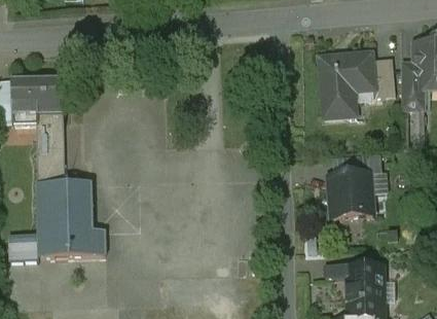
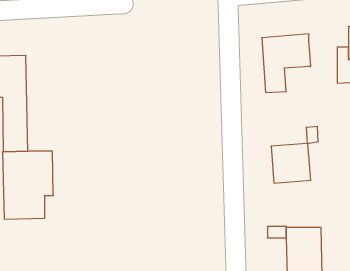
building: [370,60,393,96] -> none
building: [82,228,105,254] -> none

